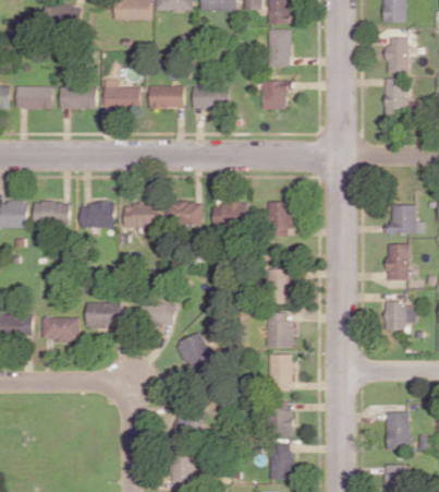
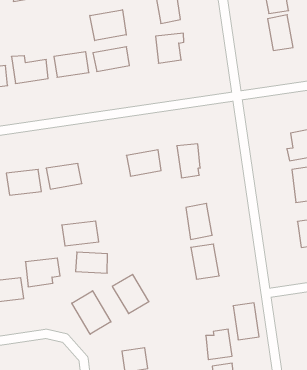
building: none -> [90,10,126,41]
building: [164,201,202,225] -> [62,221,99,246]
building: none -> [72,291,111,334]
building: [269,353,292,391] -> [233,303,259,340]

